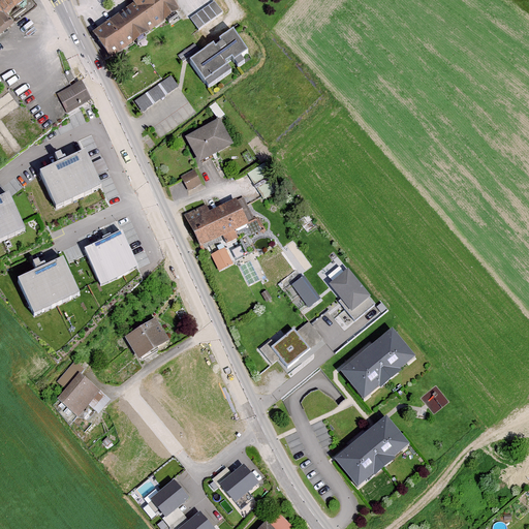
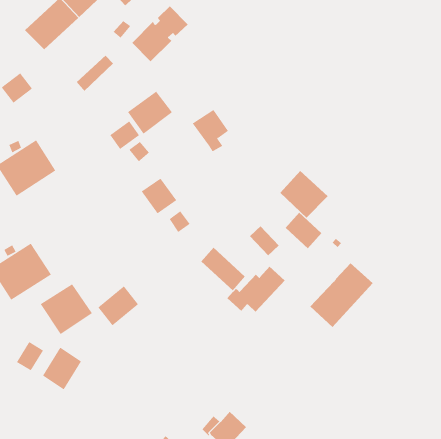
building: none -> [110,121,140,150]
building: [208,198,245,243] -> [192,109,229,152]
building: none -> [279,170,328,219]
building: [85,229,138,281] -> [40,283,93,335]
building: none -> [201,247,246,291]
building: none -> [16,341,44,371]
building: [335,415,406,483] -> none

